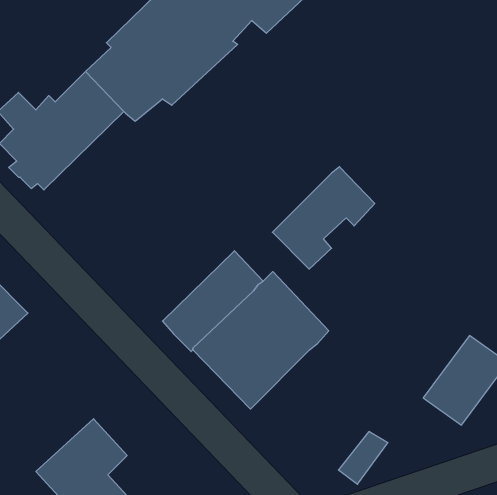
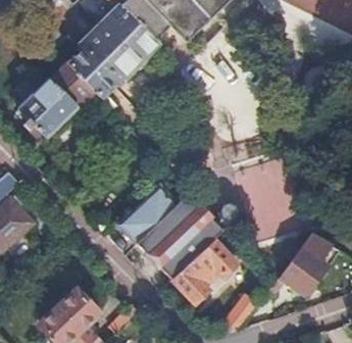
building: [272,167,375,269] -> [174,239,240,304]

